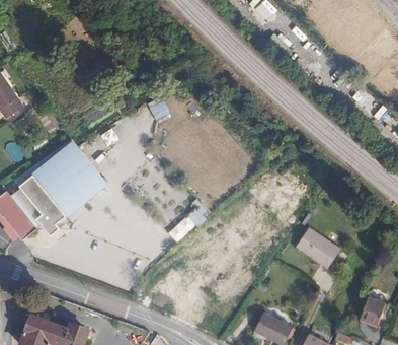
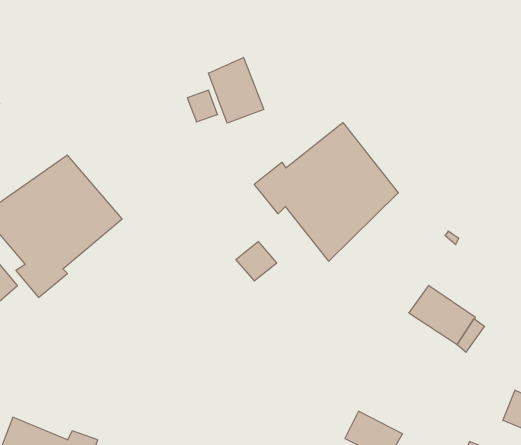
building: none -> [208,57,264,123]
building: none -> [254,123,398,261]

